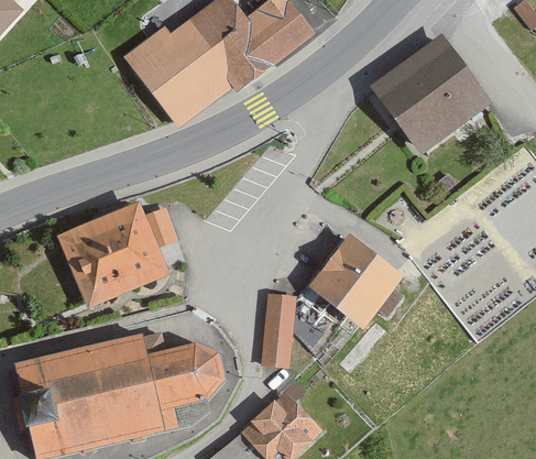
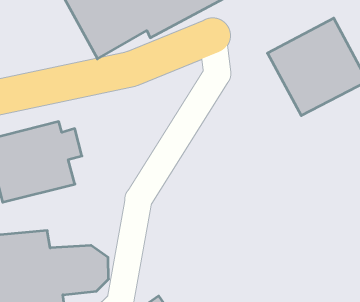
building: [309,232,407,330] -> none
building: [261,295,294,368] -> none

